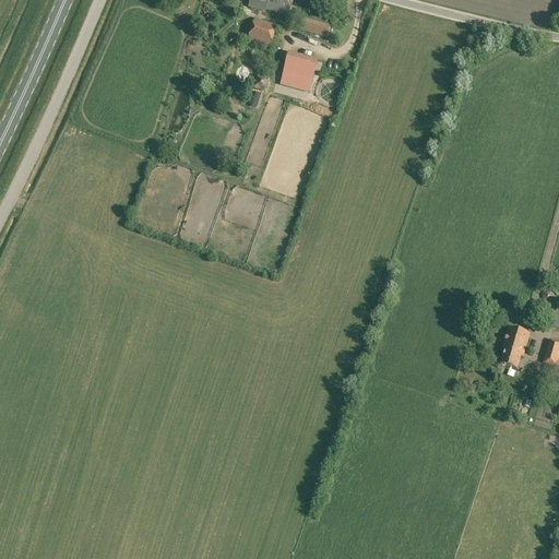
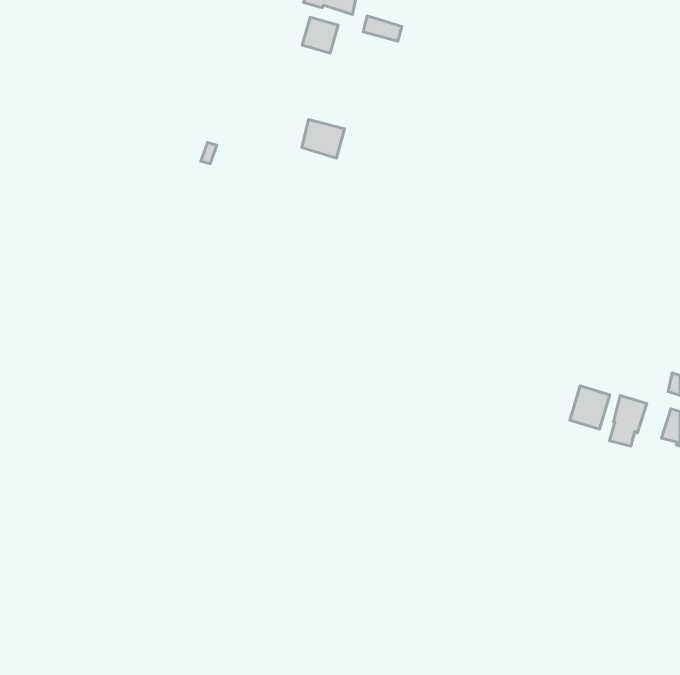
building: [281,58,316,90] -> [302,119,344,158]
building: none -> [570,386,610,429]

